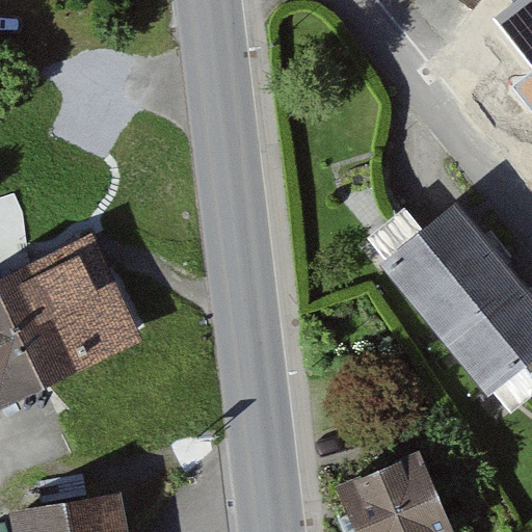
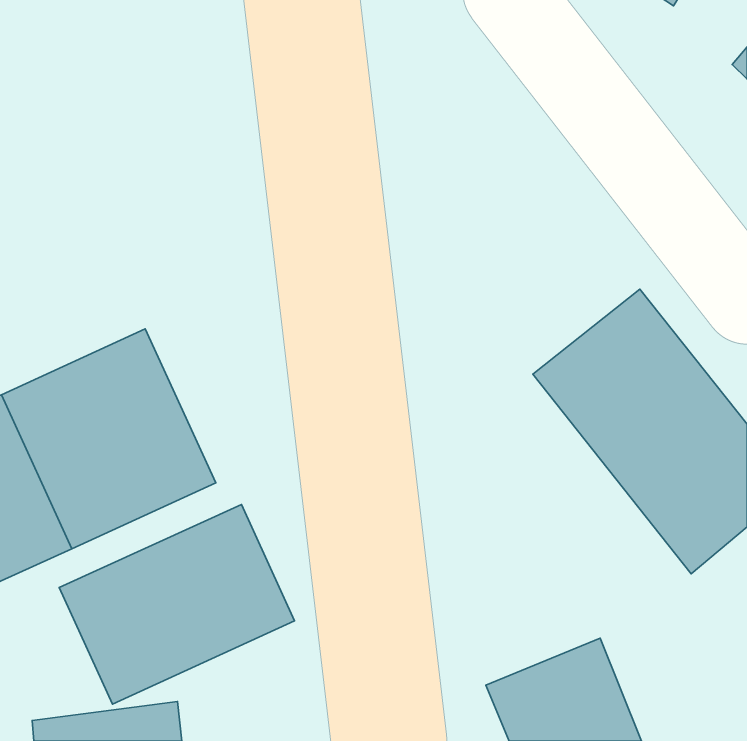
building: none -> [59,504,295,704]

